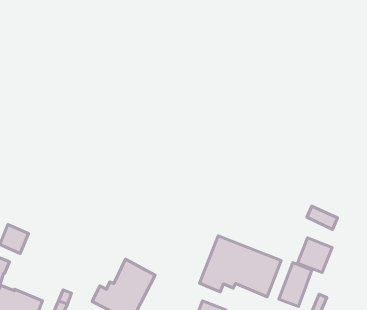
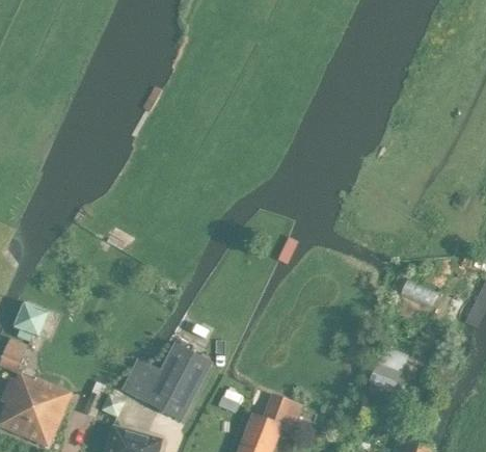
building: [200,236,281,297] -> none
building: [297,238,332,273] -> none

